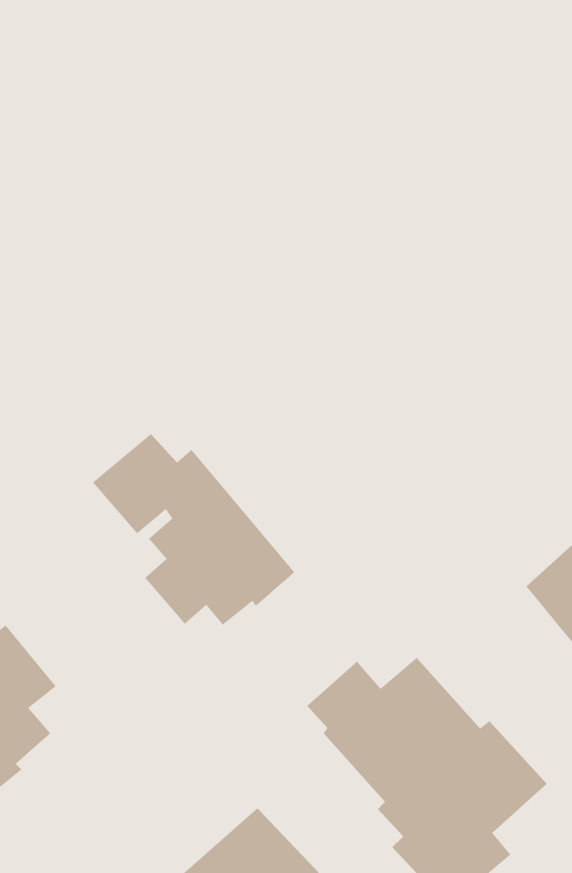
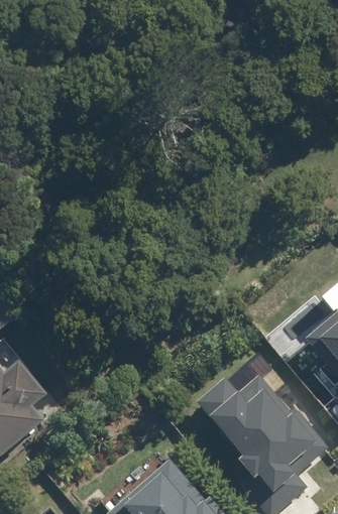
building: [92,433,295,626] -> none

